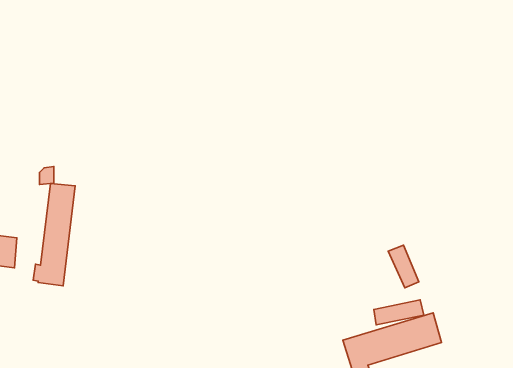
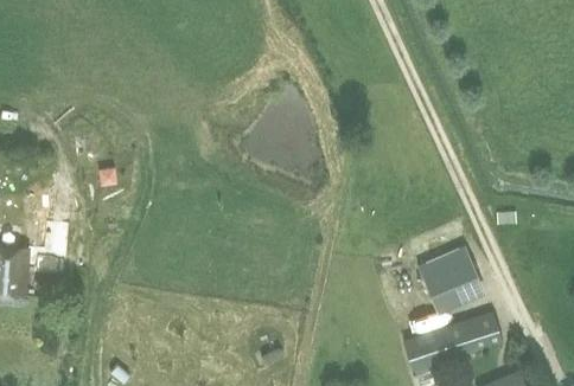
building: [33,184,75,286] -> none
building: none -> [419,252,465,303]

